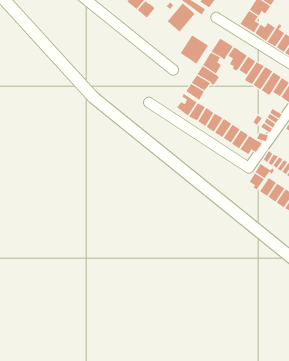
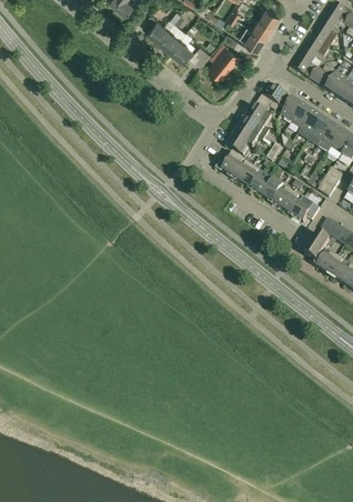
building: [180,34,209,64] -> none

